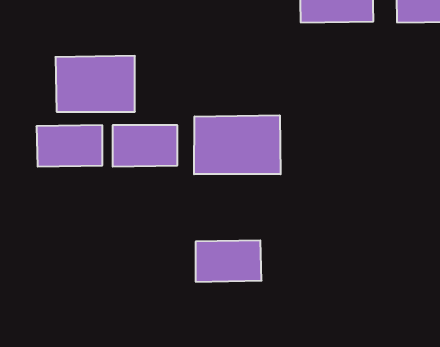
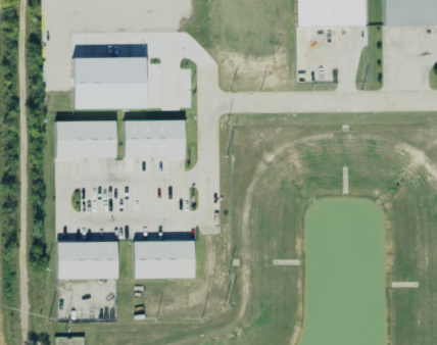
building: [194,115,281,174] -> none
building: [196,240,262,282] -> [135,241,195,279]
building: none -> [58,242,117,280]

